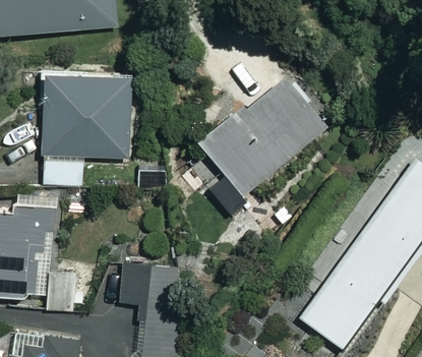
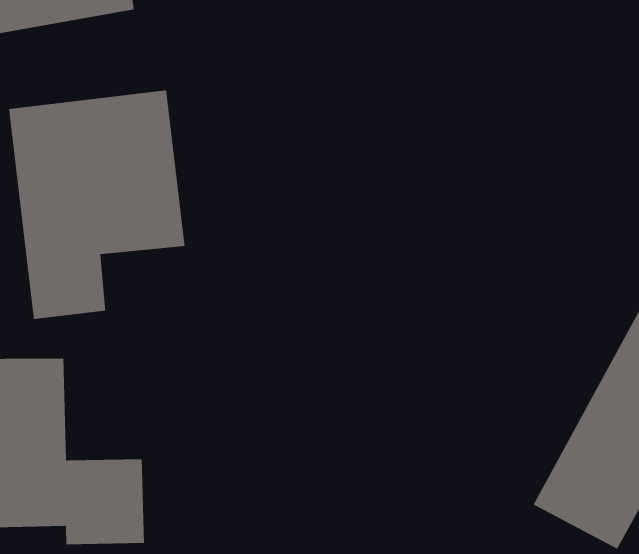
building: [197,72,327,195] -> none
building: [119,263,176,321] -> none

